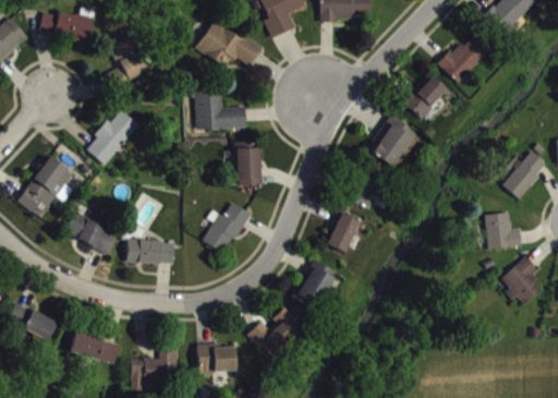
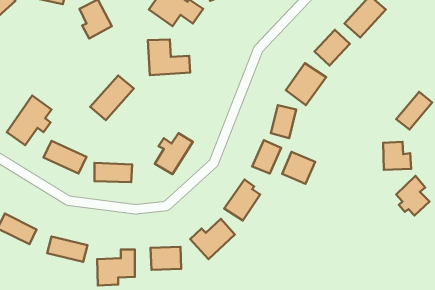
building: [85,108,140,164] -> [90,75,134,120]
building: [235,143,262,184] -> none
building: none -> [282,152,315,184]

